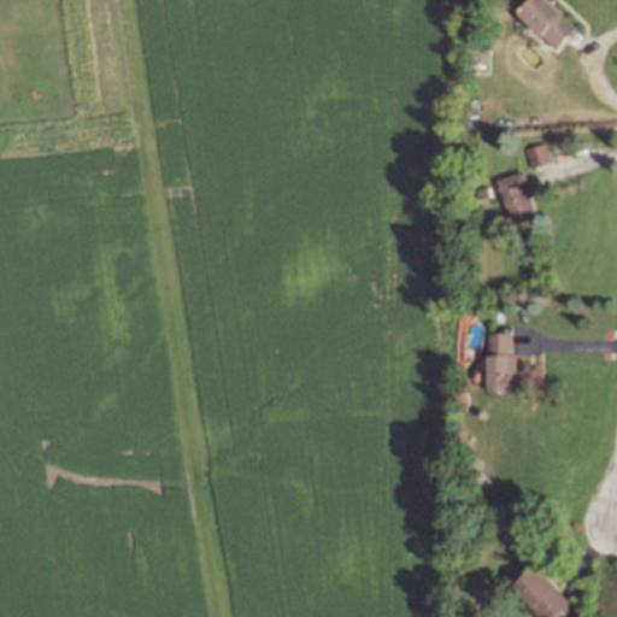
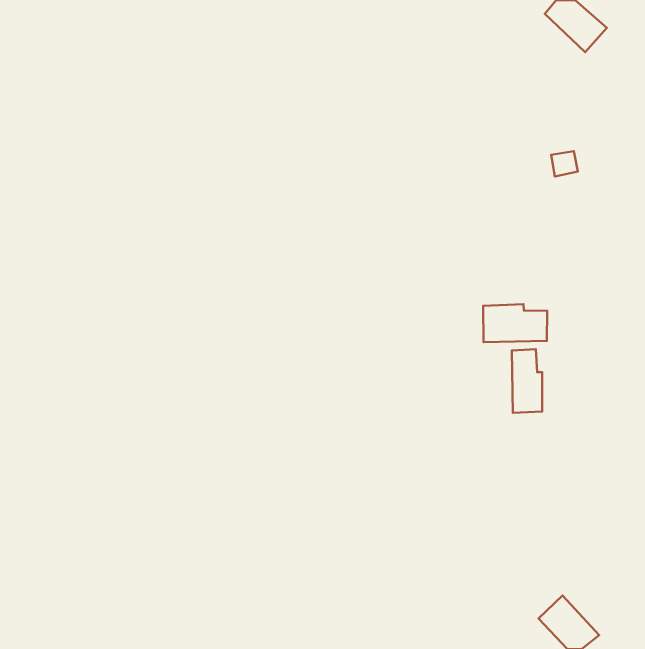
building: [494,171,536,225] -> none
building: none -> [483,304,547,342]

